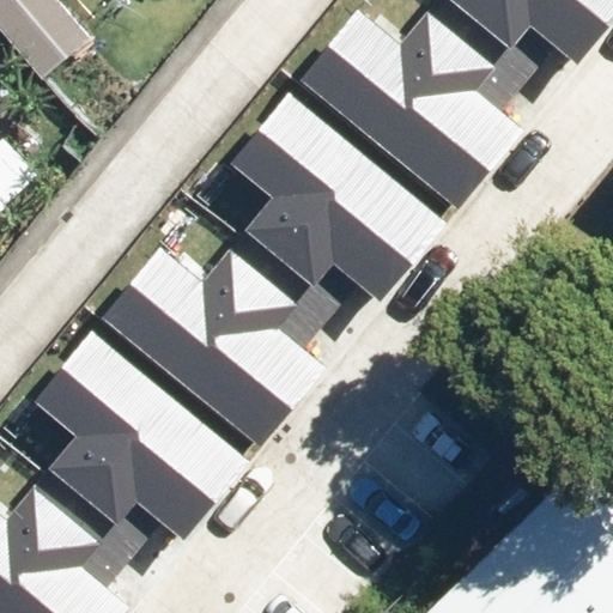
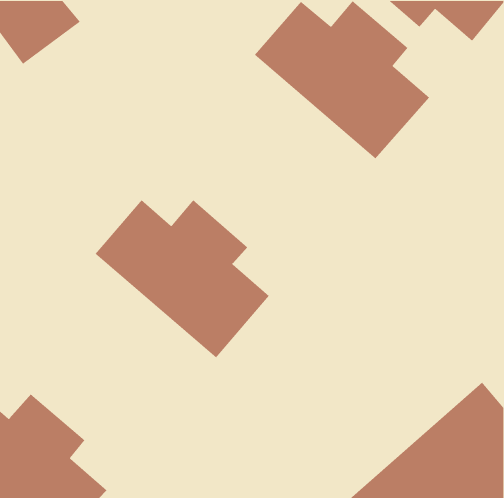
building: [237,102,441,303] -> none
building: [42,335,245,535] -> none

